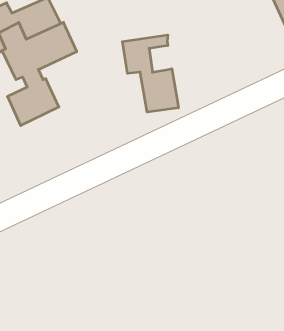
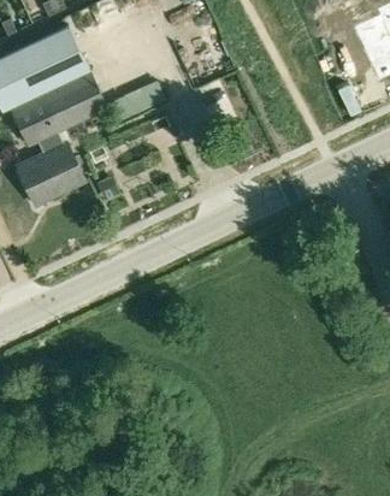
building: [122,35,178,112] -> none

